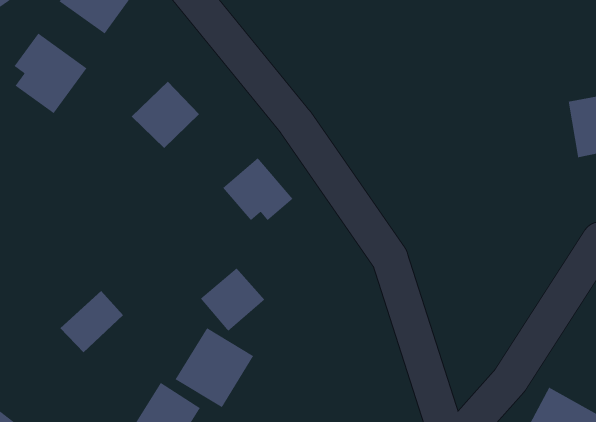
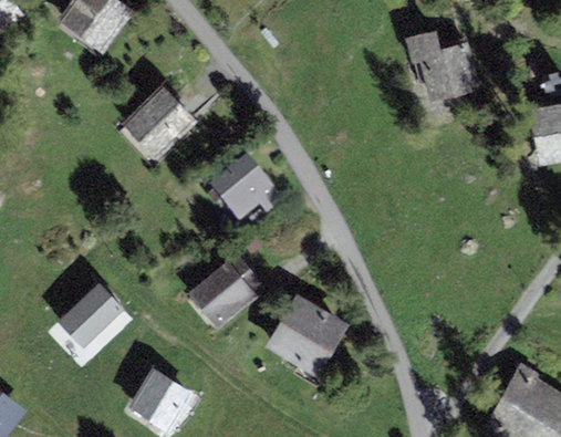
building: none -> [409,37,476,101]
building: [14,32,88,114] -> none
building: [175,327,254,408] -> [269,296,343,372]

